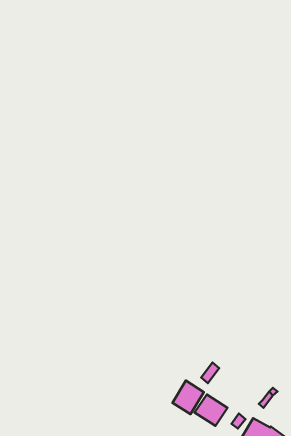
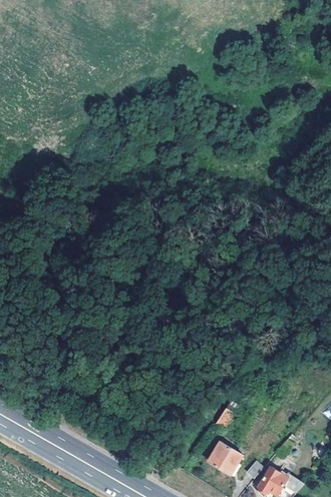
building: [173,381,204,414] -> none

